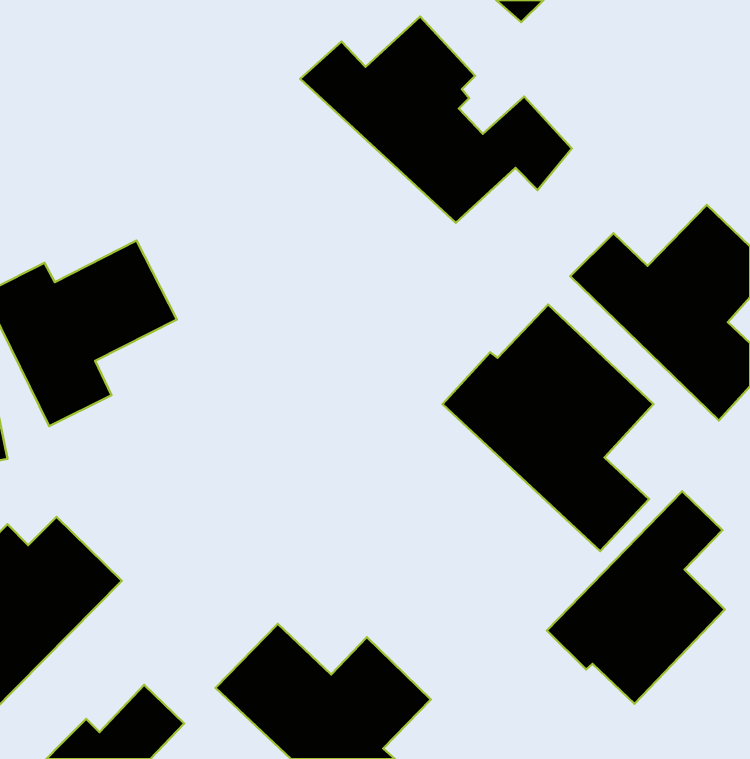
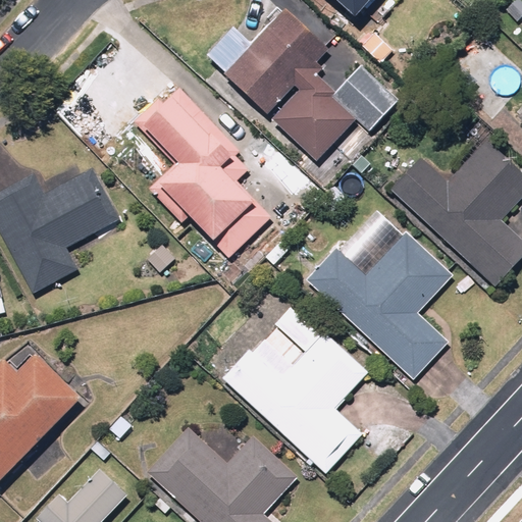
building: none -> [140,89,259,243]
building: none -> [224,307,360,473]
building: [547,491,725,704] -> none

